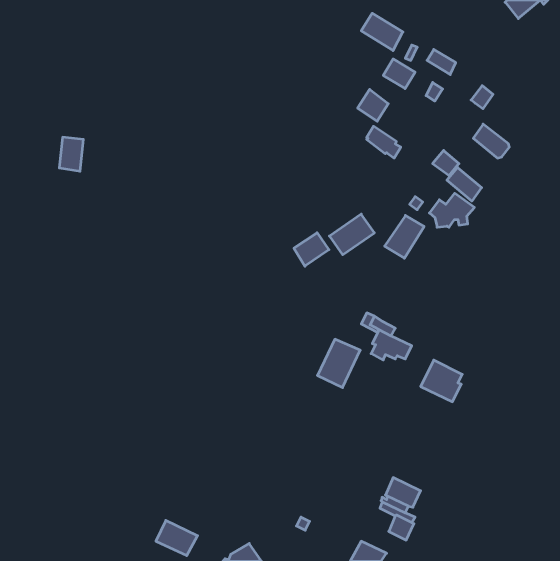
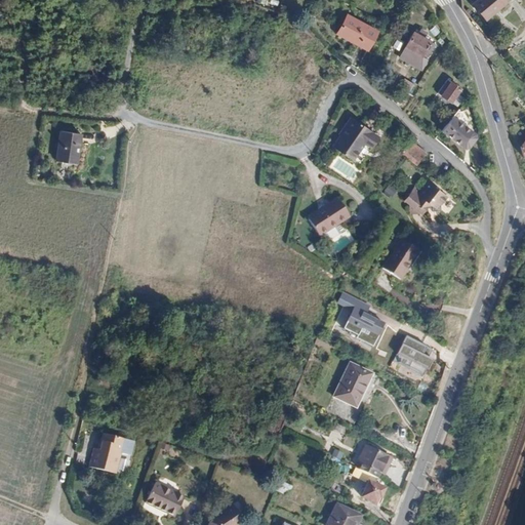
building: [383,59,415,89] -> [406,31,436,58]
building: [358,89,388,121] -> [332,130,361,160]
building: [447,167,482,201] -> none
building: [385,215,424,258] -> [383,242,420,282]
building: [294,233,329,266] -> none
building: [317,339,360,388] -> [334,362,374,407]
building: none -> [91,438,136,480]

